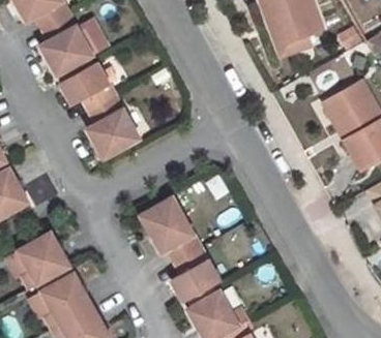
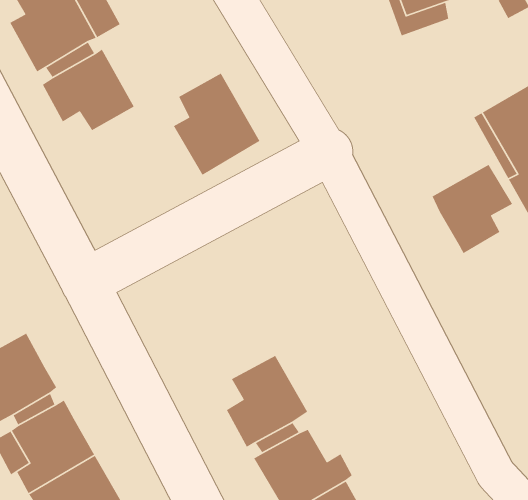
building: [87,96,140,158] -> [173,72,261,176]
building: none -> [431,164,513,254]
building: [140,195,201,259] -> none

